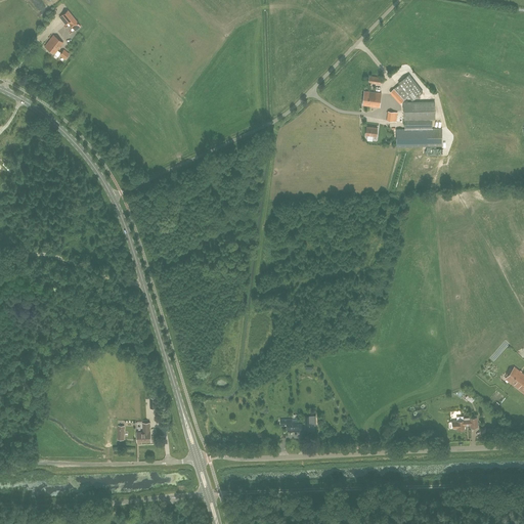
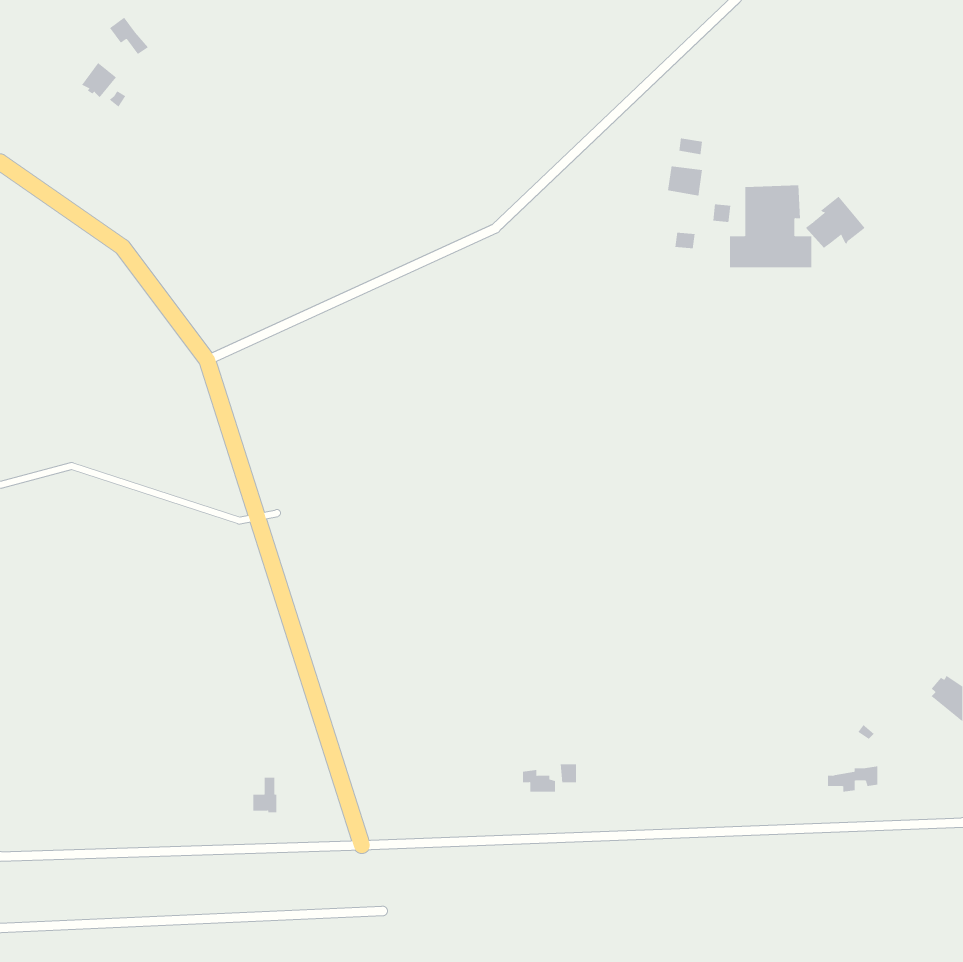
building: [390,74,423,102] -> [805,196,865,249]

